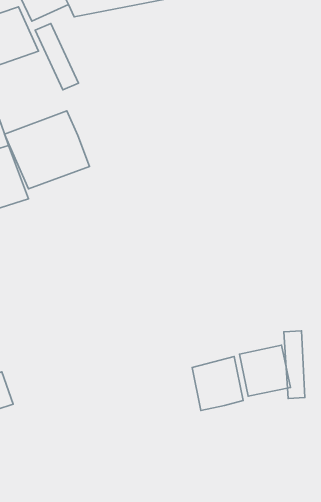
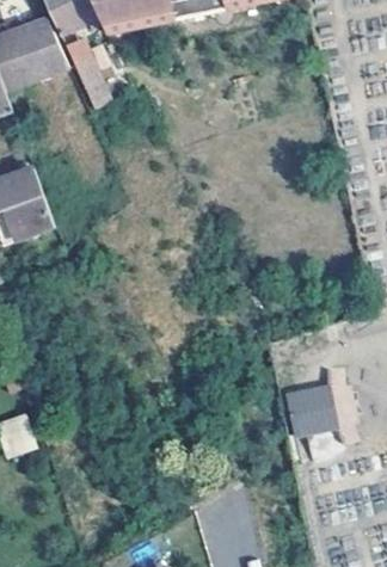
building: [5,111,90,189] -> none
building: [192,357,243,411] -> none

